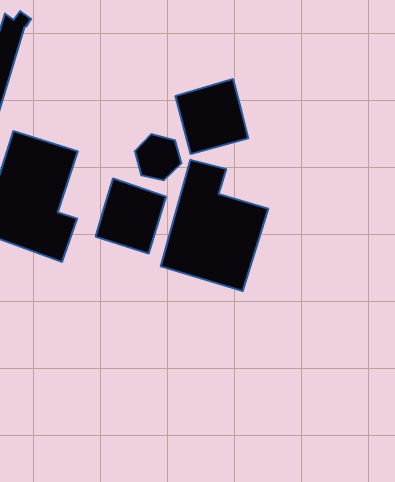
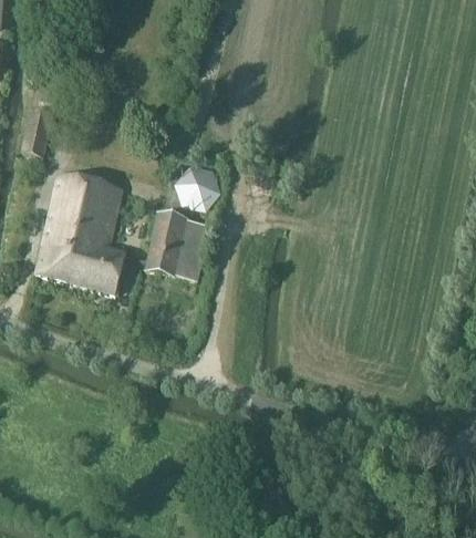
building: [176,79,248,154] -> none
building: [161,160,268,291] -> none

